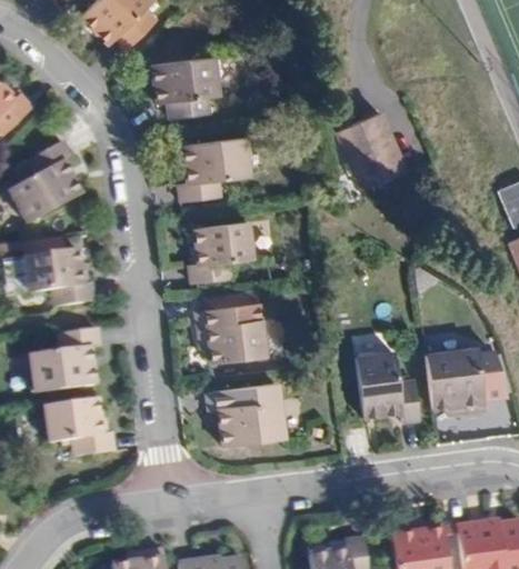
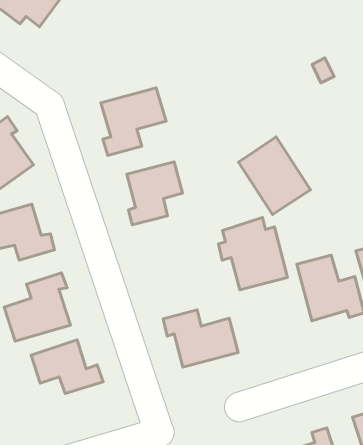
building: [153,61,218,120] -> none
building: [339,111,410,192] -> [238,137,311,214]
building: [194,286,261,358] -> [218,217,287,290]

